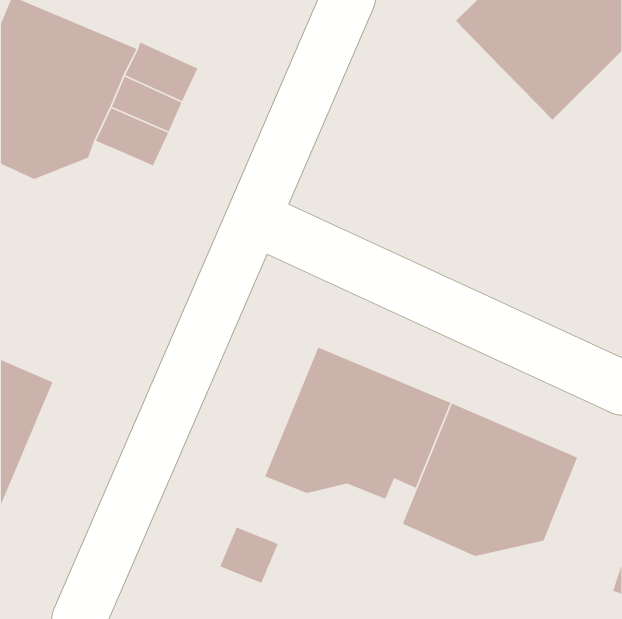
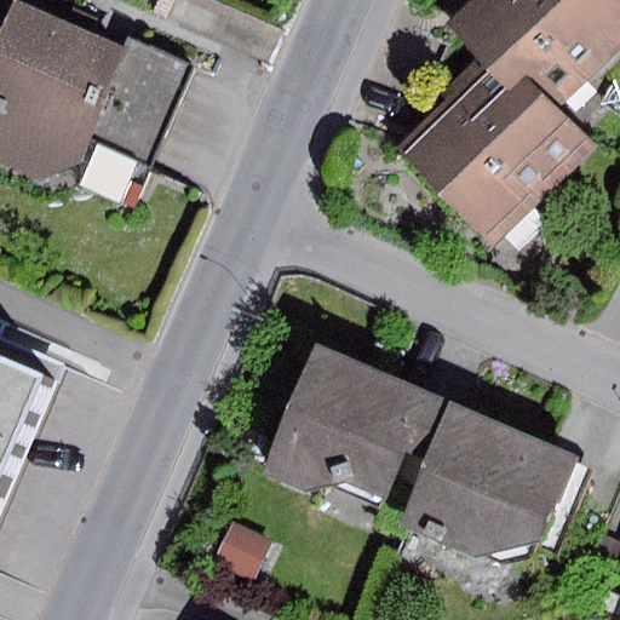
building: none -> [392,53,582,241]

